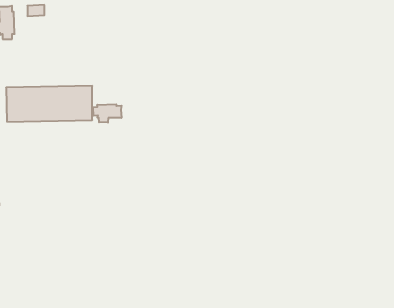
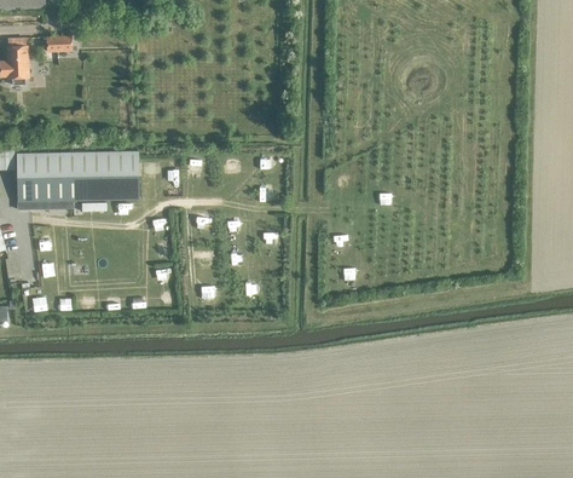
building: [93,104,122,123] -> none

